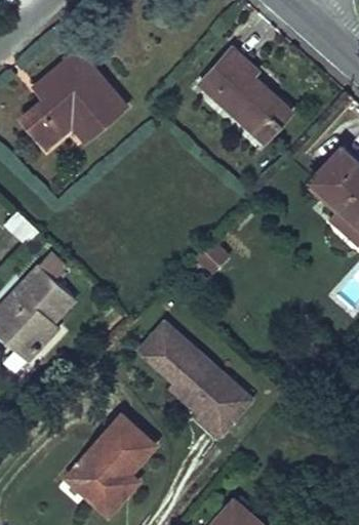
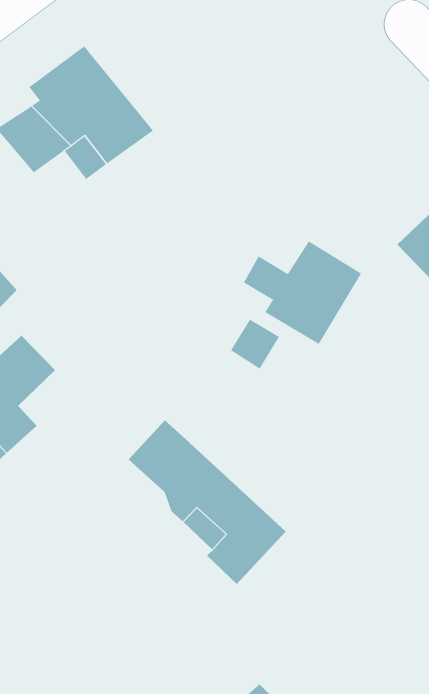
building: [199,43,290,138] -> none
building: none -> [243,241,362,345]
building: [67,414,151,513] -> none

